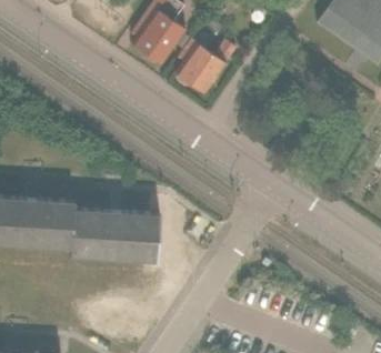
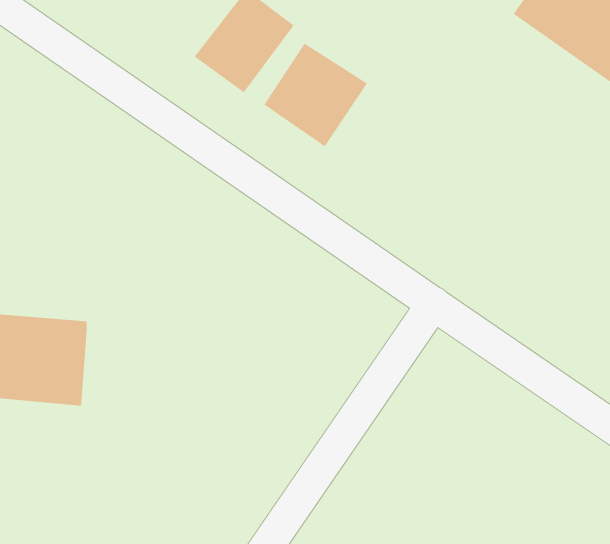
building: [67,204,158,259] -> none

